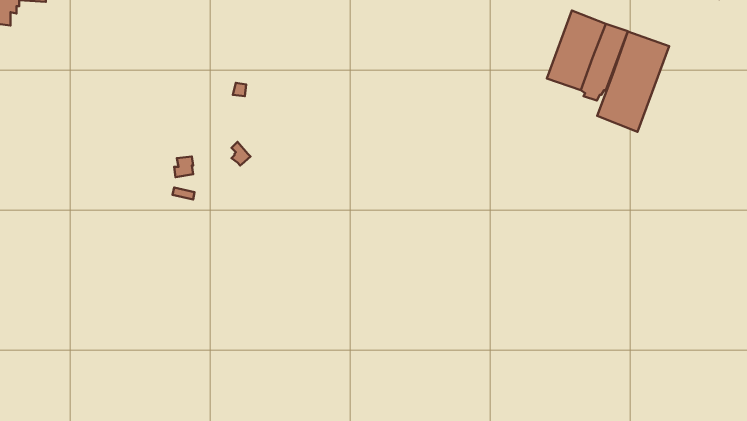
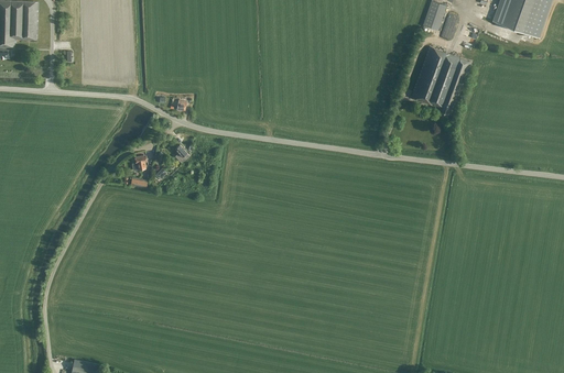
building: [597,32,669,132] -> none

